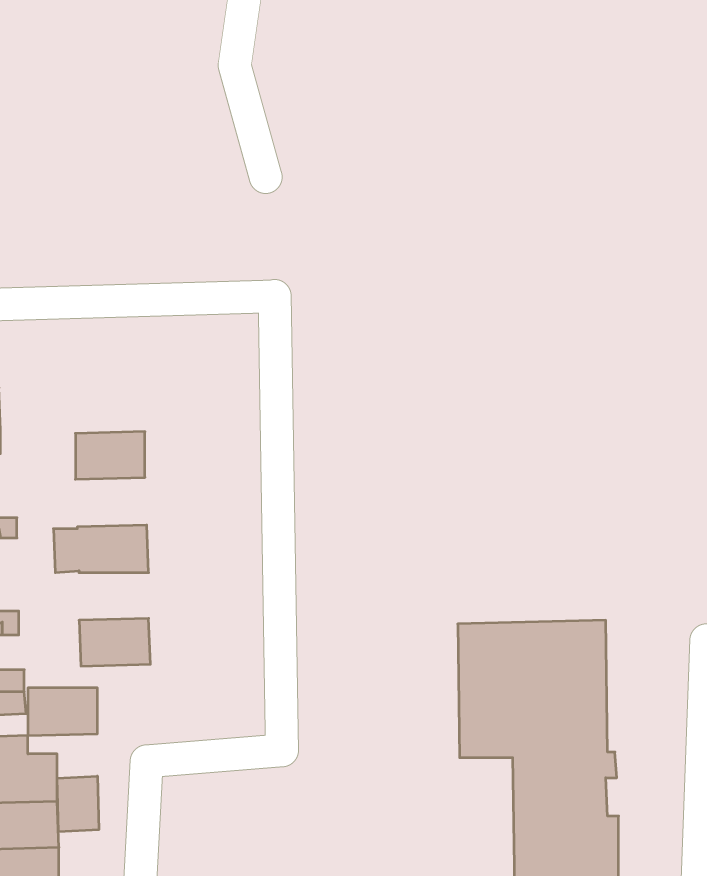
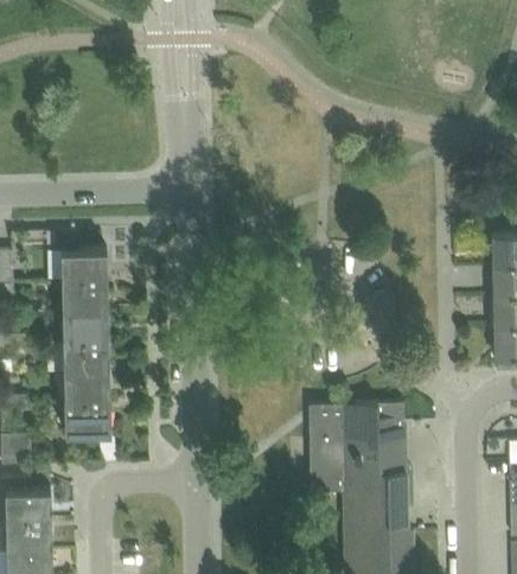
building: none -> [60,232,107,282]
building: none -> [62,311,108,343]
building: [28,688,97,736] -> [64,372,109,403]
building: [57,776,99,832] -> none

